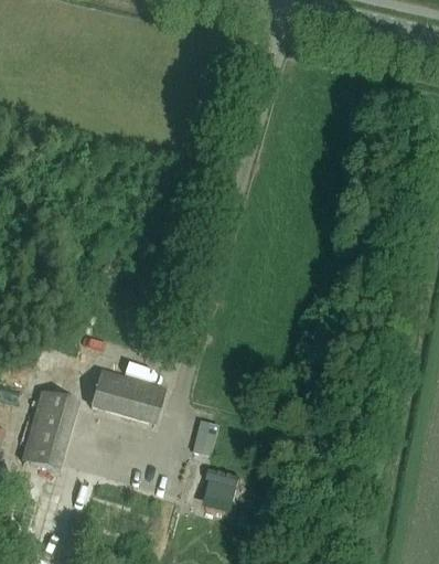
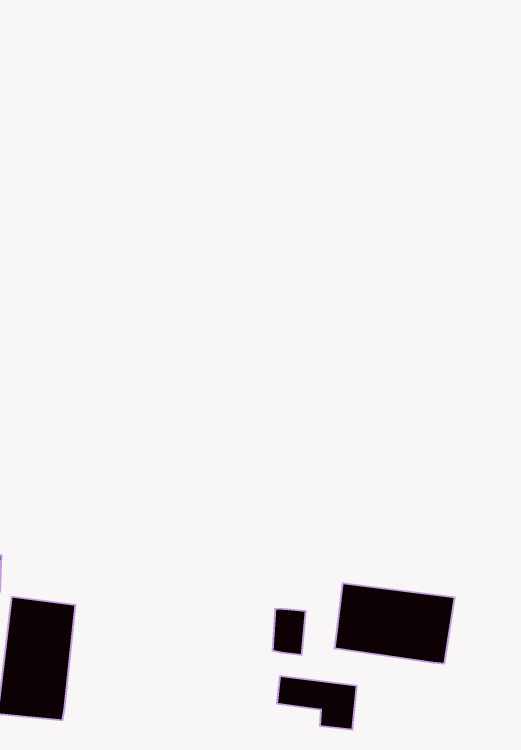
building: [90,369,165,424] -> none
building: none -> [335,583,455,664]

